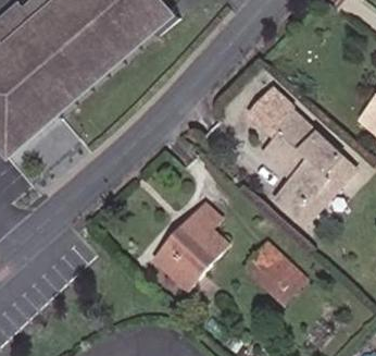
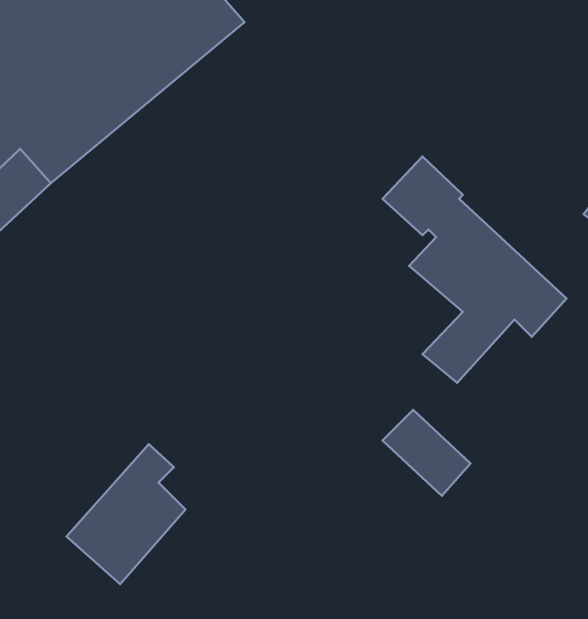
building: [155,204,223,283] -> [67,444,185,584]

